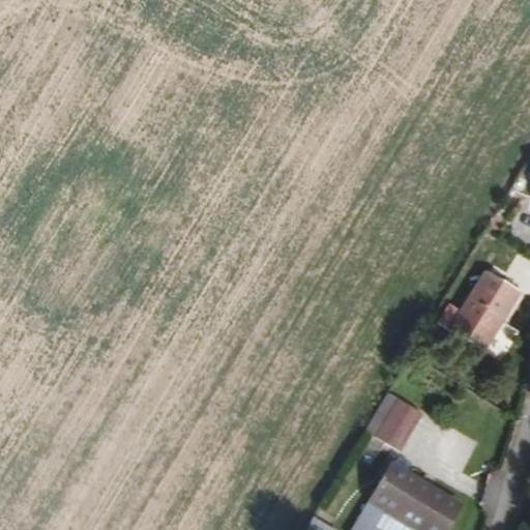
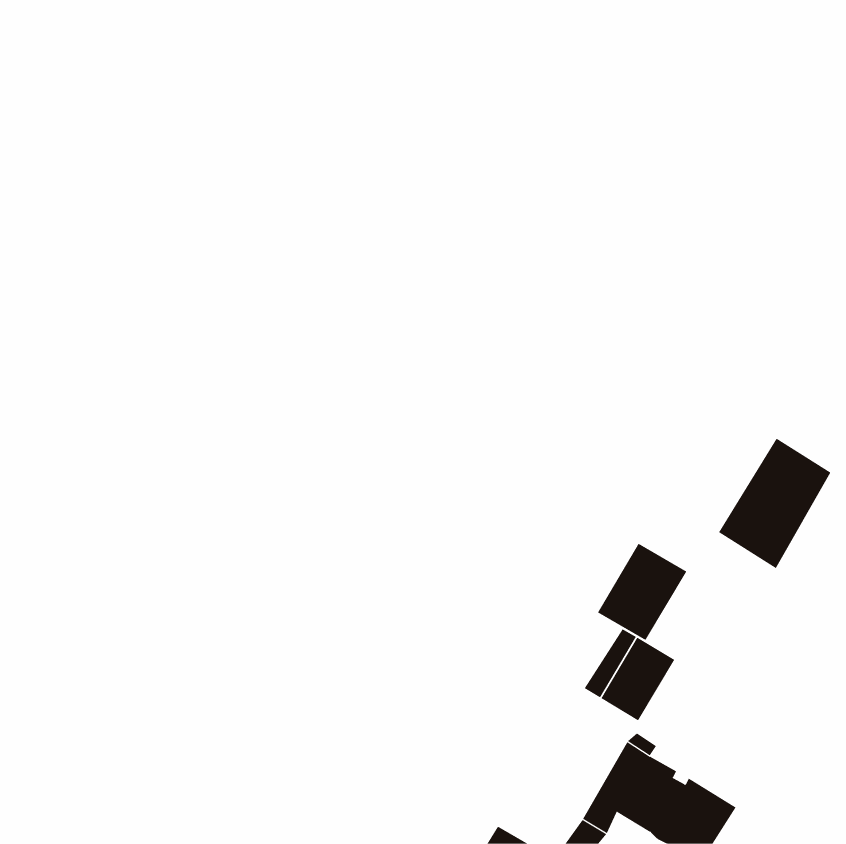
building: none -> [597,543,687,641]

